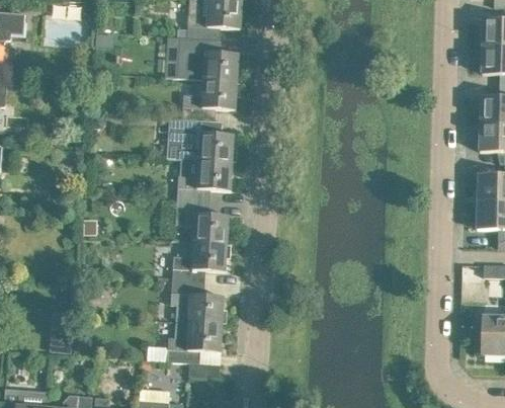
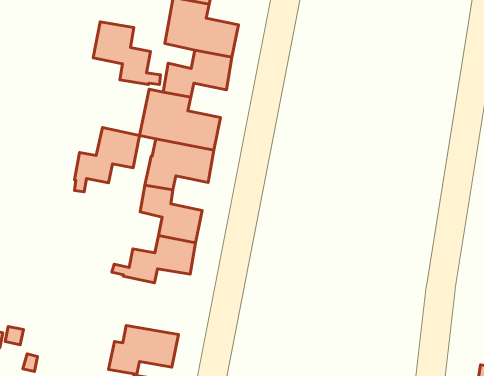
building: none -> [93,22,160,84]
building: none -> [75,128,139,192]
building: [169,280,224,324] -> none

